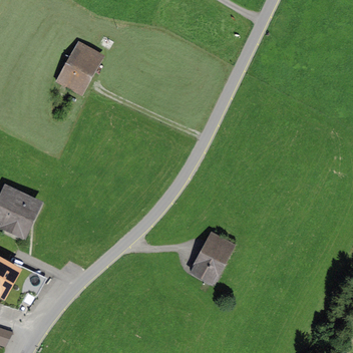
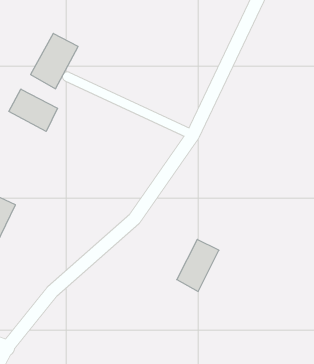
building: none -> [9,89,58,131]

